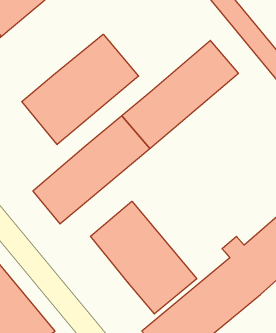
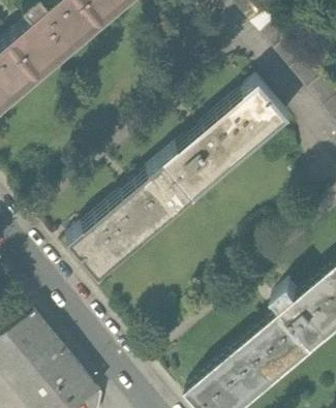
building: [22,34,139,145] -> none
building: [91,201,197,314] -> none

